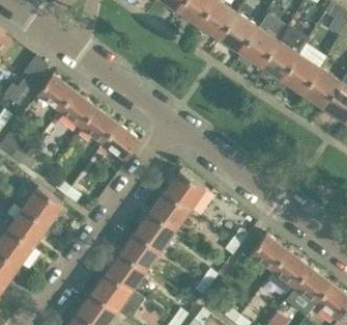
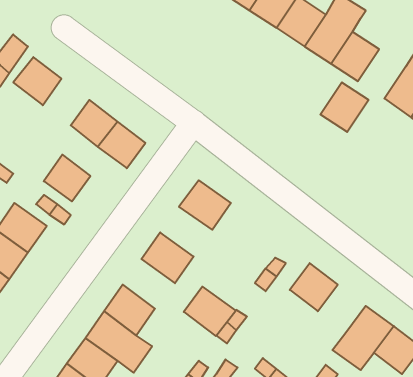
building: [302,69,340,107] -> [320,82,369,132]
building: [58,91,94,128] -> [44,155,90,201]
building: [149,191,190,229] -> none
building: [120,232,161,270] -> [184,287,236,336]
building: [271,251,309,289] -> none

